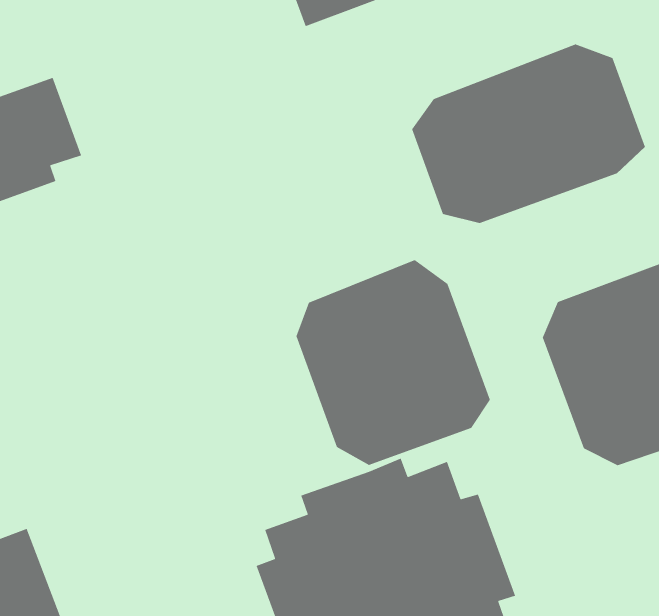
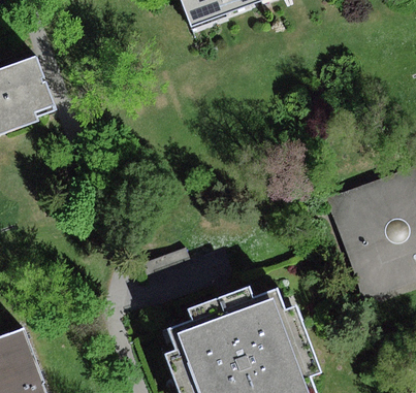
building: [411,43,646,224] -> none
building: [296,259,491,466] -> none

